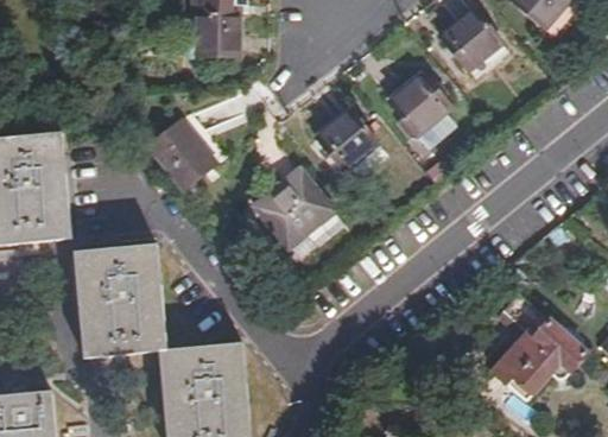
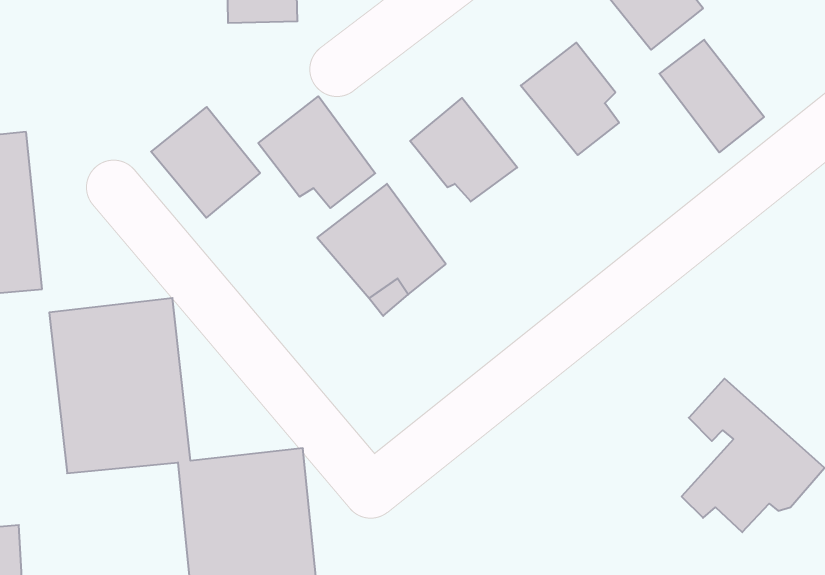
building: none -> [659,40,764,152]
building: none -> [258,96,375,208]

